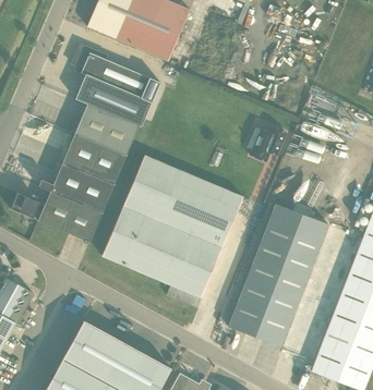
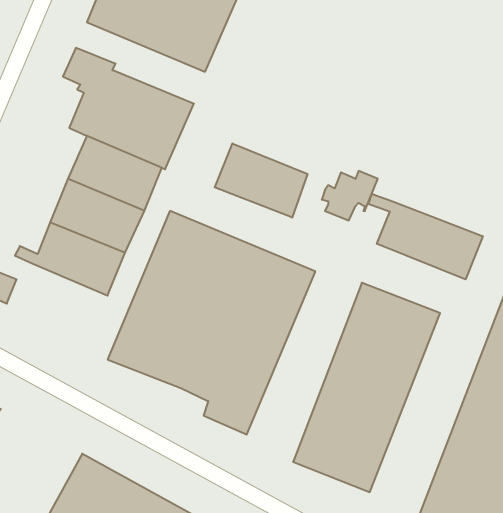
building: none -> [215,143,307,218]
building: none -> [369,194,483,279]
building: [38,191,101,242] -> none

